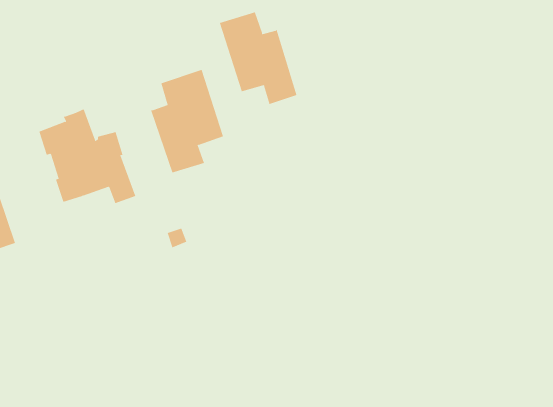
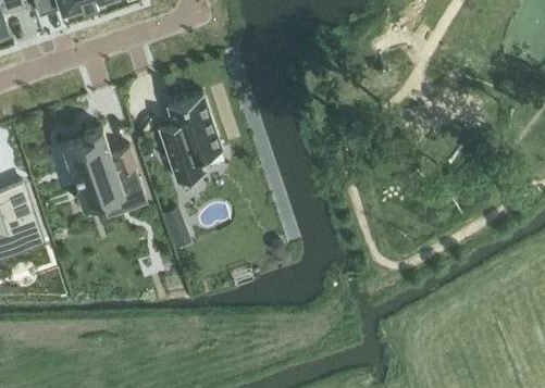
building: [219,11,297,105] -> none

